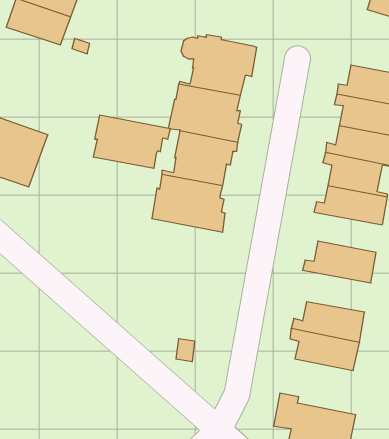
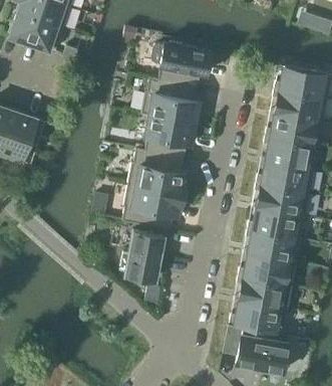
building: [93,115,171,168] -> [122,188,184,230]
building: none -> [254,183,310,215]
building: none -> [246,229,301,262]
building: none -> [120,231,163,280]
building: none -> [229,300,287,334]

